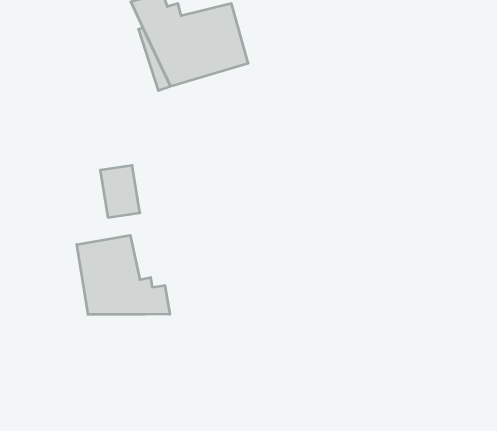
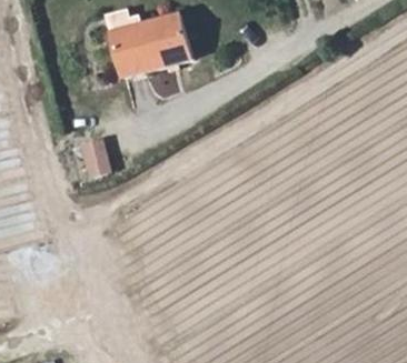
building: [77,235,170,315] -> none

